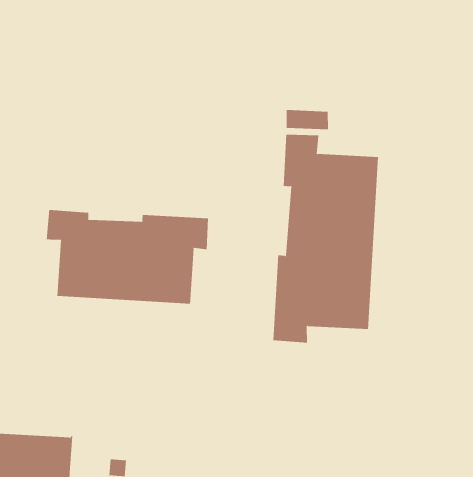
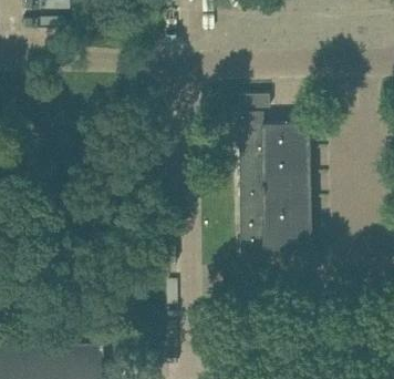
building: [46,209,209,304] -> none

